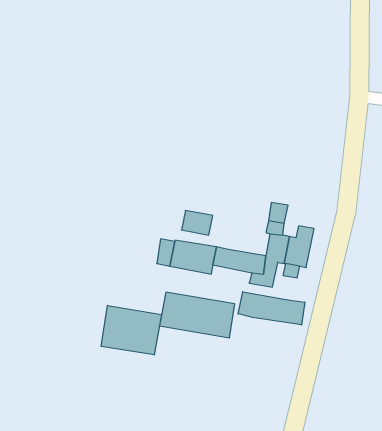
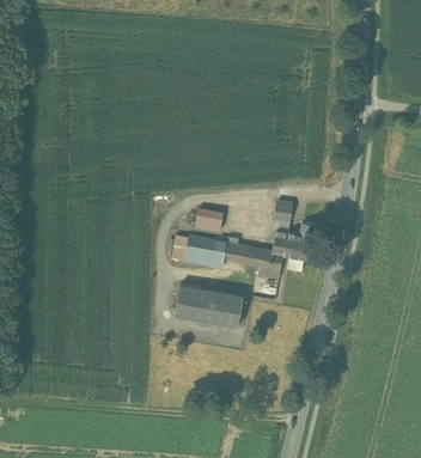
building: [238,292,305,325] -> none
building: [101,305,161,355] -> none

